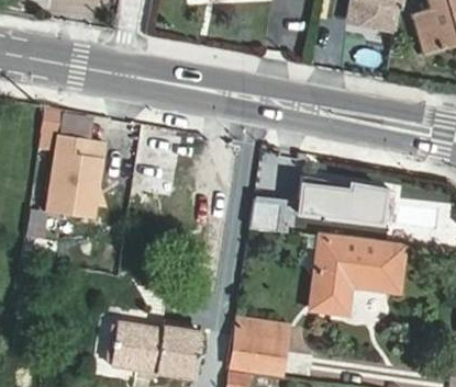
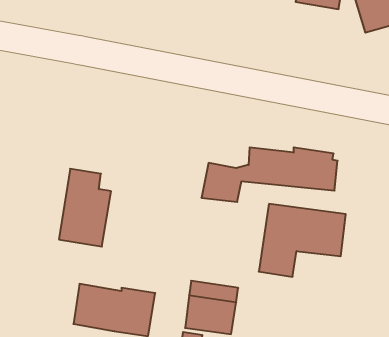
building: [51,135,107,218] -> [59,169,111,247]

